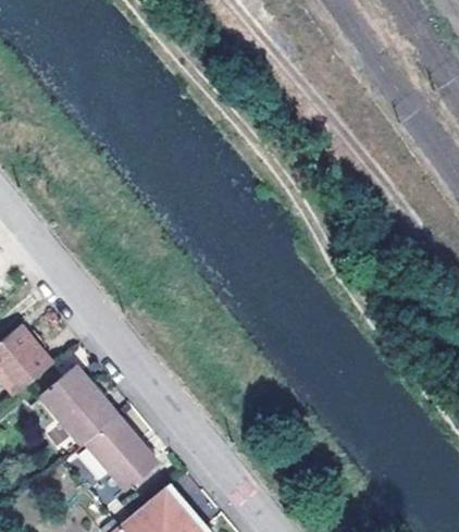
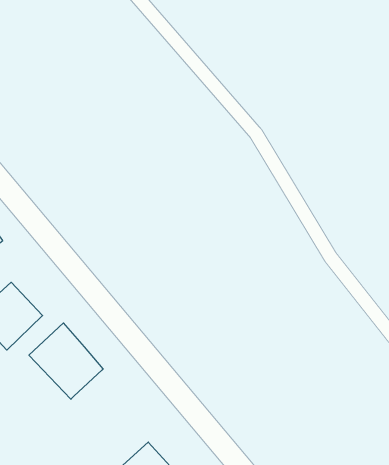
building: [84,416,154,488] -> none

